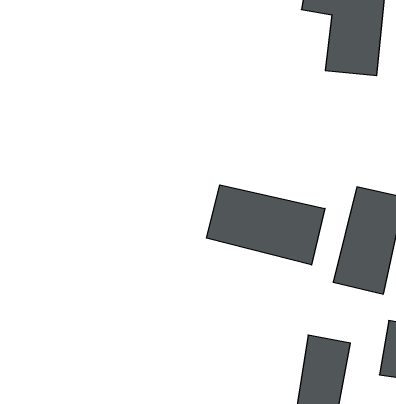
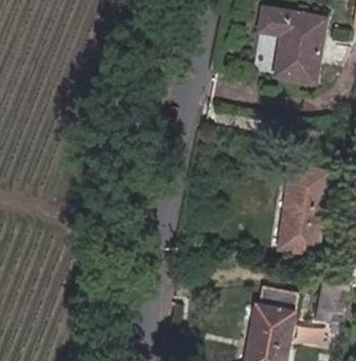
building: [207,185,325,265] -> none

